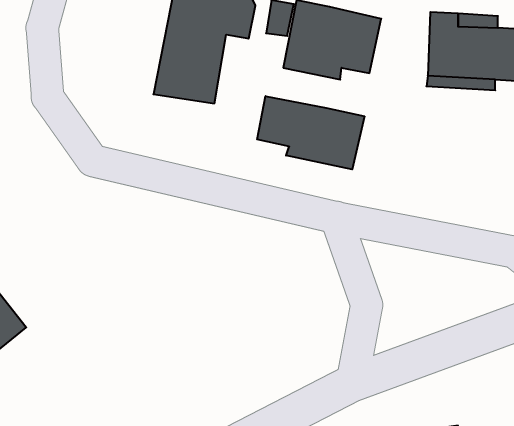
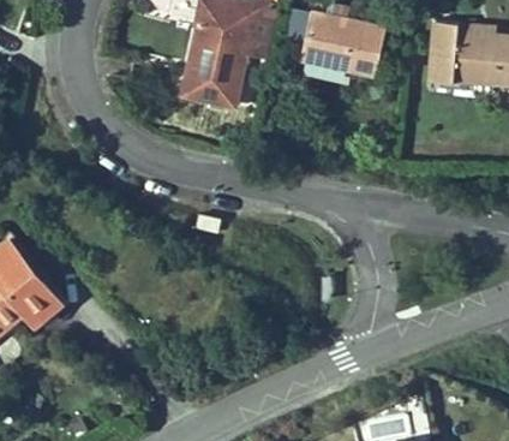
building: [257,96,364,169] -> none

